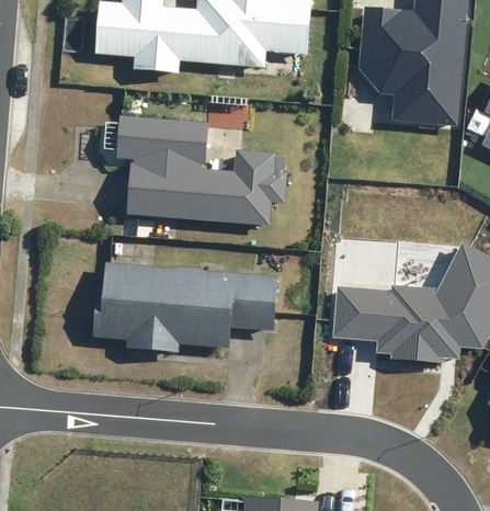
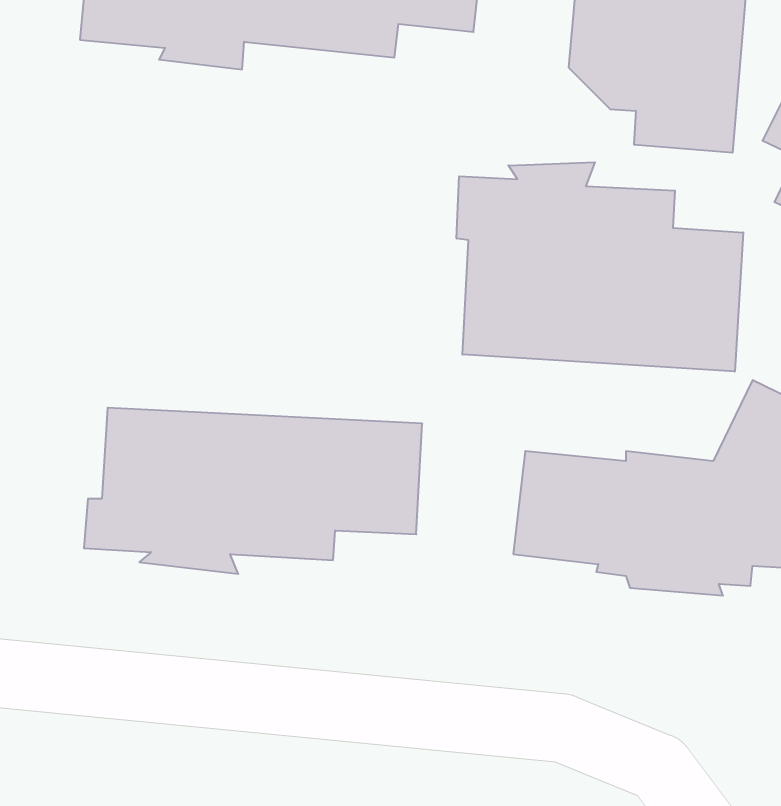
building: [116,118,289,227] -> none
building: none -> [457,162,743,372]

